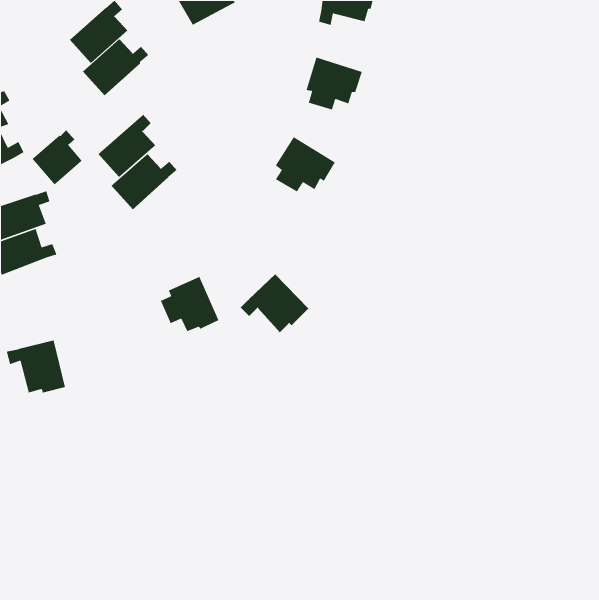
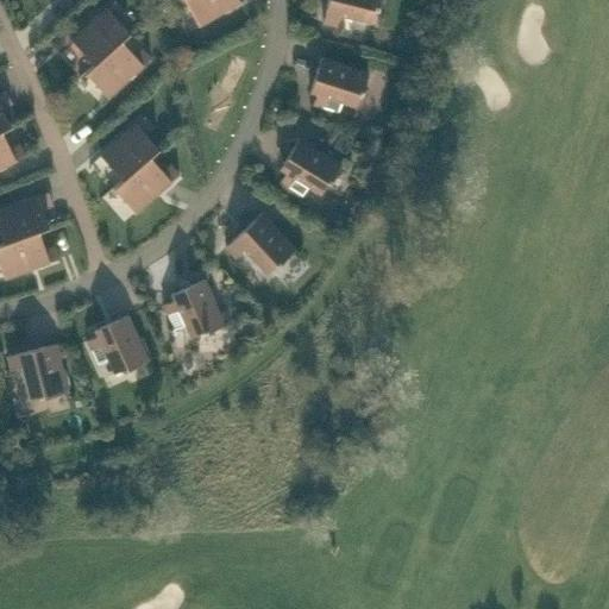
building: [31,130,89,185] -> none
building: [240,273,309,333] -> [226,213,296,274]
building: none -> [87,315,147,372]

